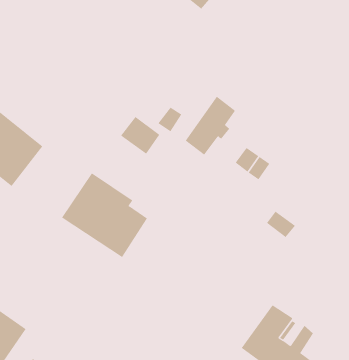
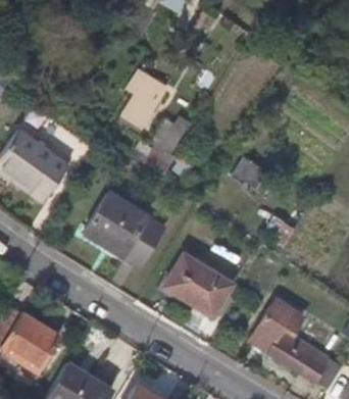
building: [185,96,236,156] -> [121,72,165,127]
building: none -> [163,253,233,315]

